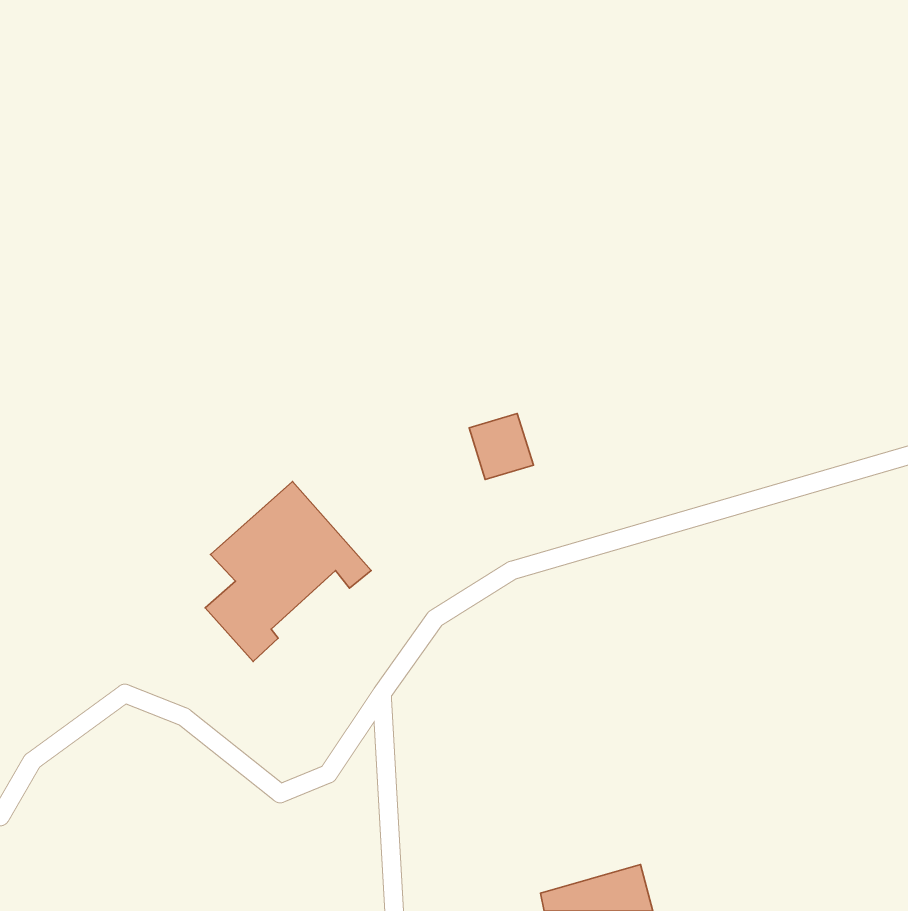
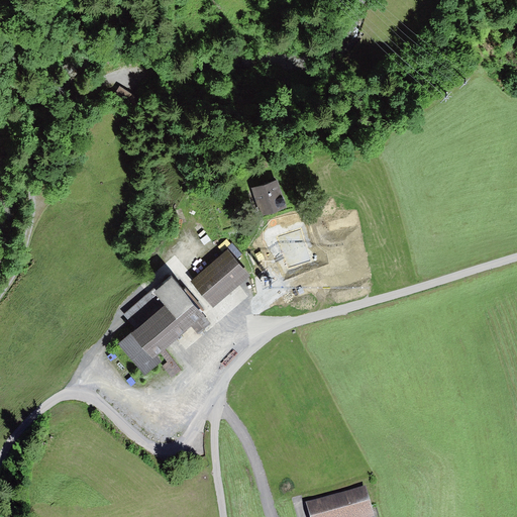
building: none -> [248,181,287,220]
building: none -> [192,249,248,305]

